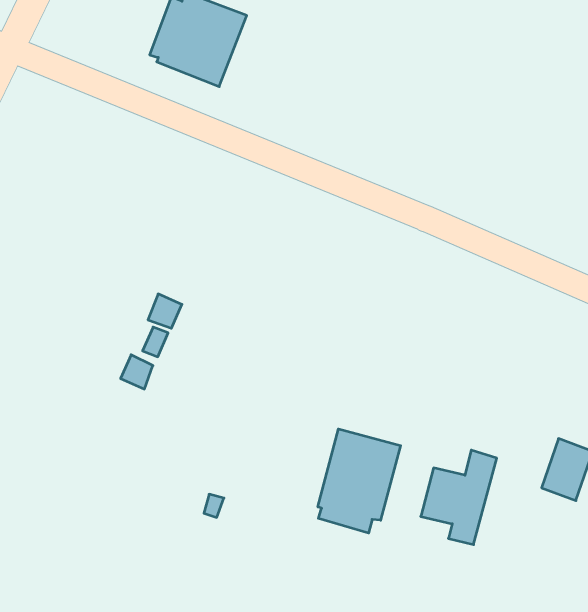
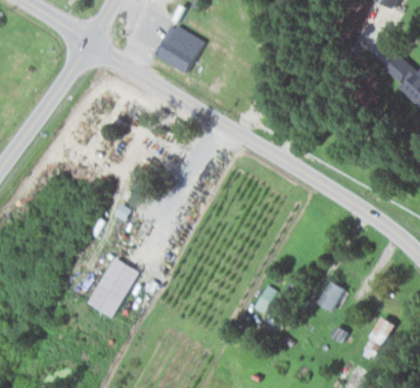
building: [318,429,401,533] -> none
building: none -> [87,256,139,317]

